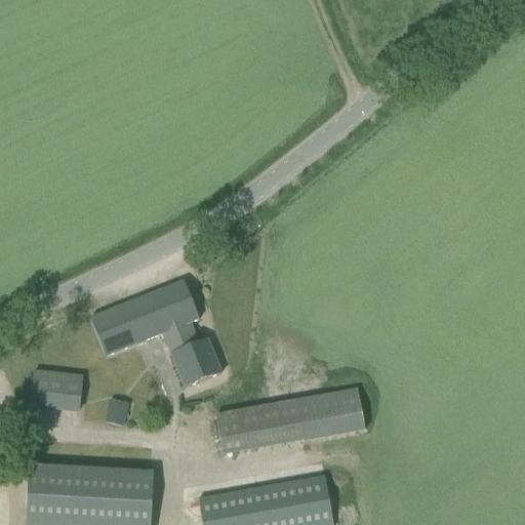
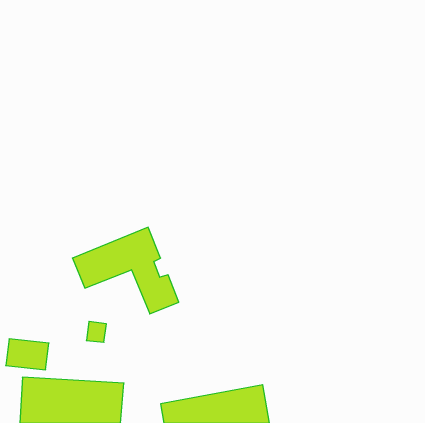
building: [29,370,82,408] -> [6,339,49,370]
building: [220,391,369,449] -> none

